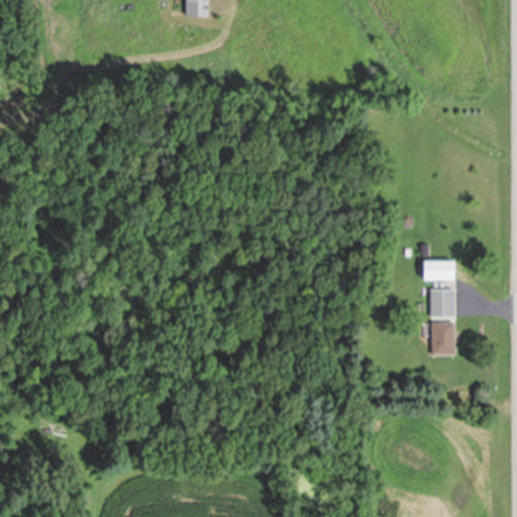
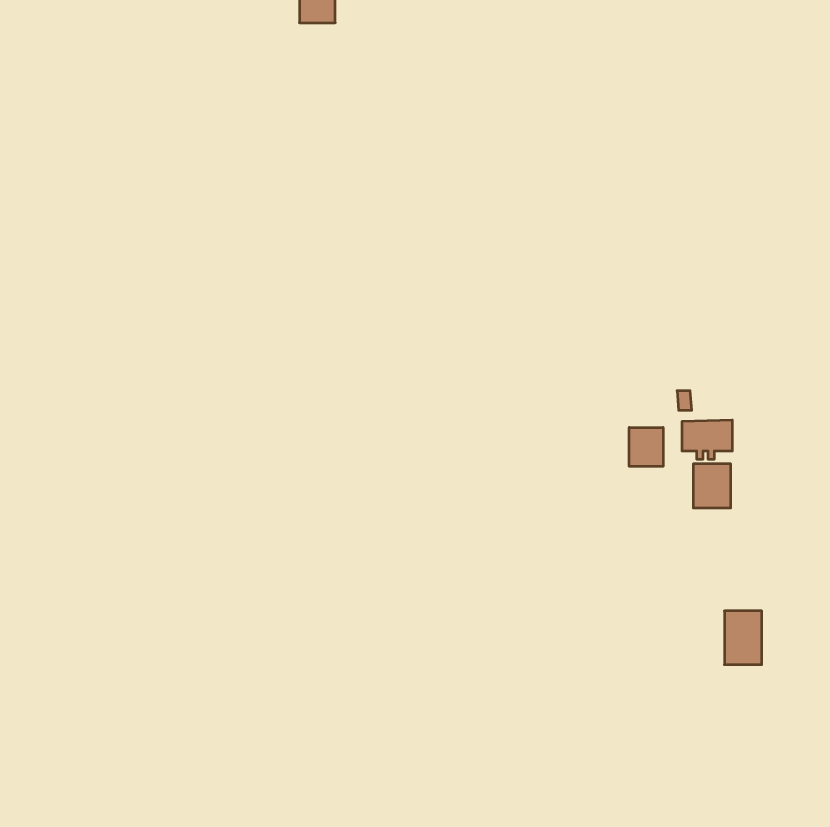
building: none -> [629,427,663,466]
building: [431,320,454,353] -> [724,611,762,665]

